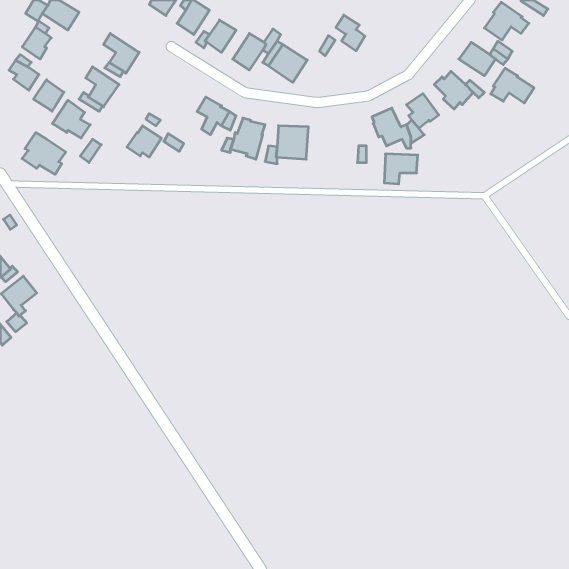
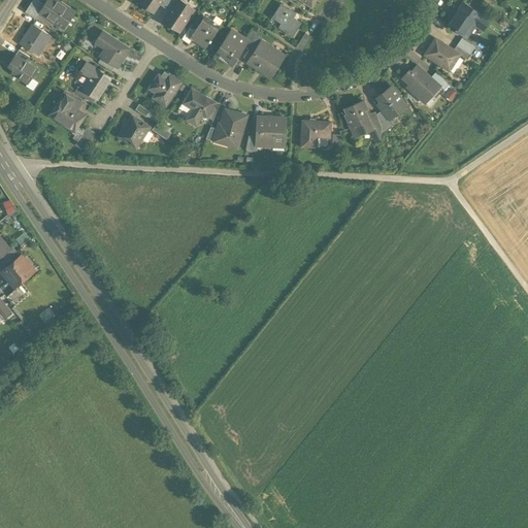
building: [336,15,365,51] -> [273,4,300,37]
building: [491,68,534,103] -> none
building: [34,80,64,111] -> none
building: none -> [148,74,179,105]
building: [22,133,66,174] -> none
building: [384,154,418,184] -> [300,121,331,148]

